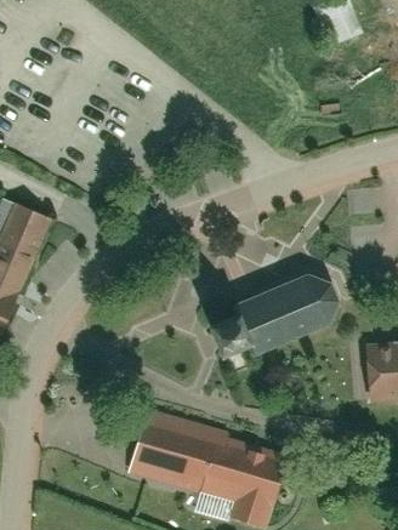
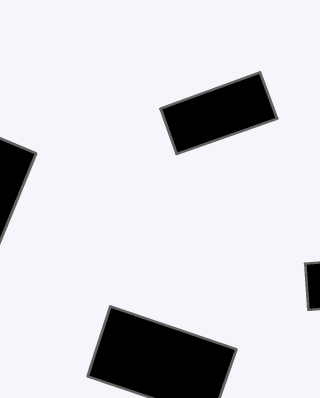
building: [207,264,340,357] -> [160,72,277,154]

